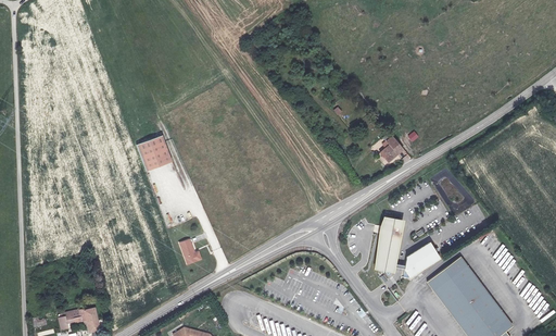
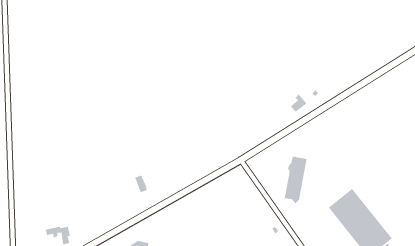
building: [137,136,172,171] -> none
building: [403,242,438,277] -> none

